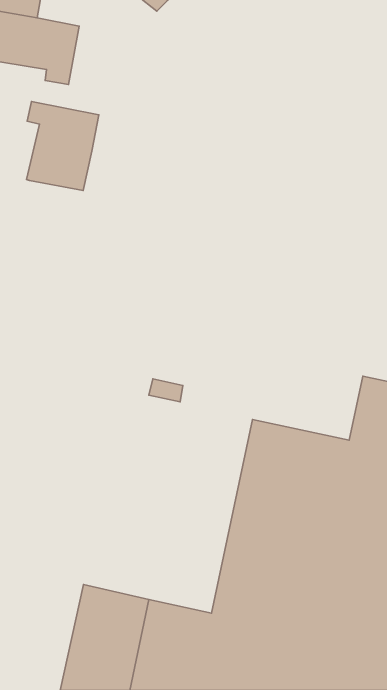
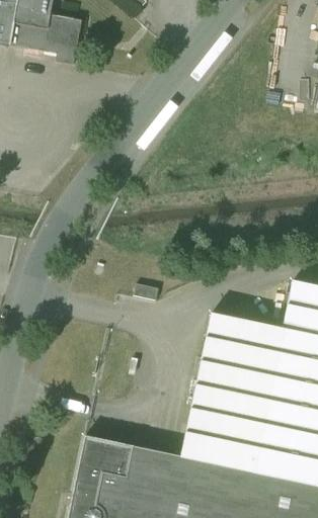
building: [27,101,99,190] -> none

